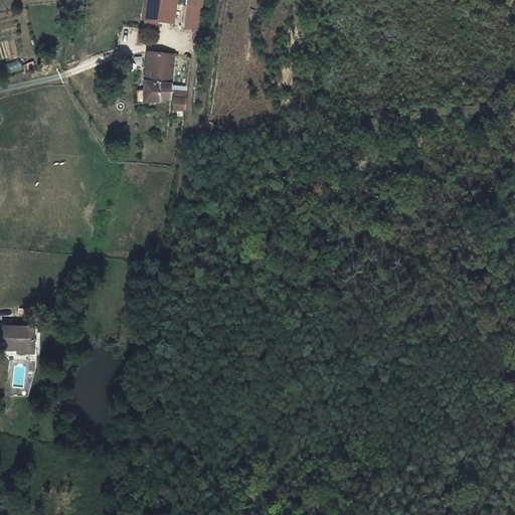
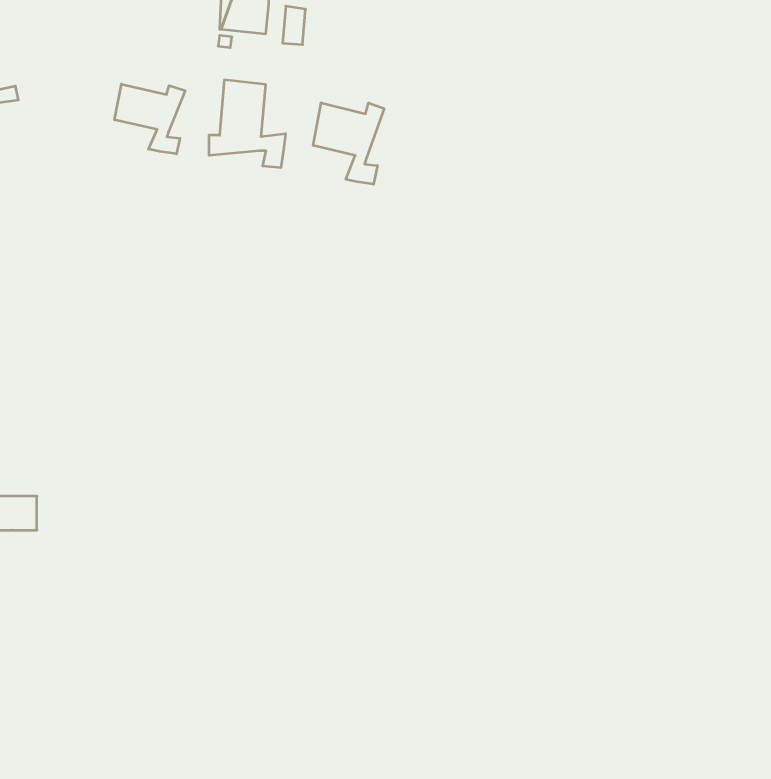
building: none -> [115,84,185,154]
building: none -> [313,103,384,184]

